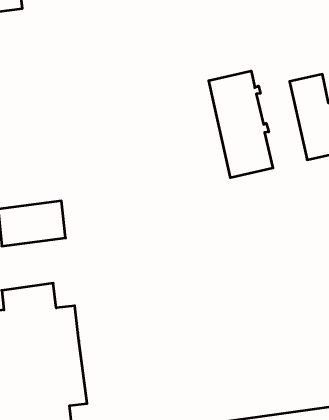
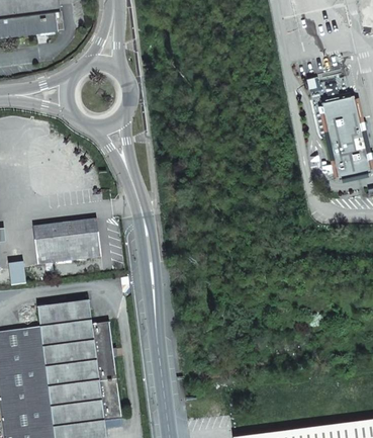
building: [209,71,273,178] -> none

